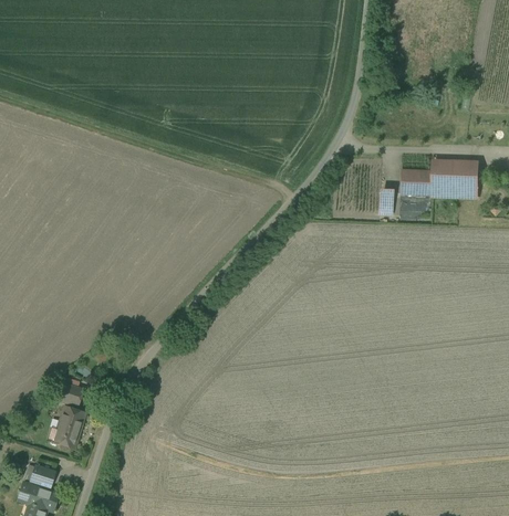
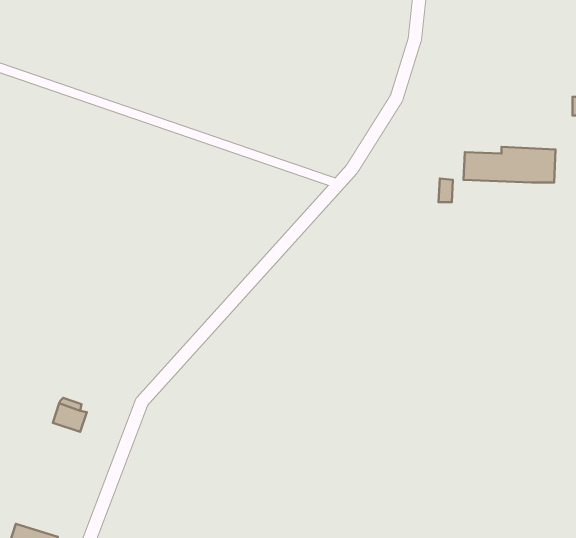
building: [48,406,85,449] -> none
building: [29,463,56,489] -> none

